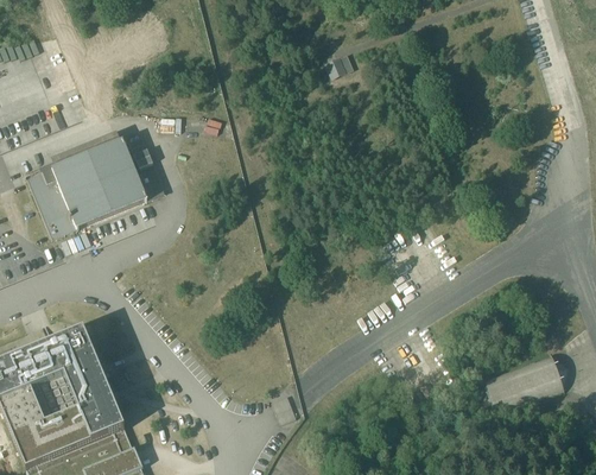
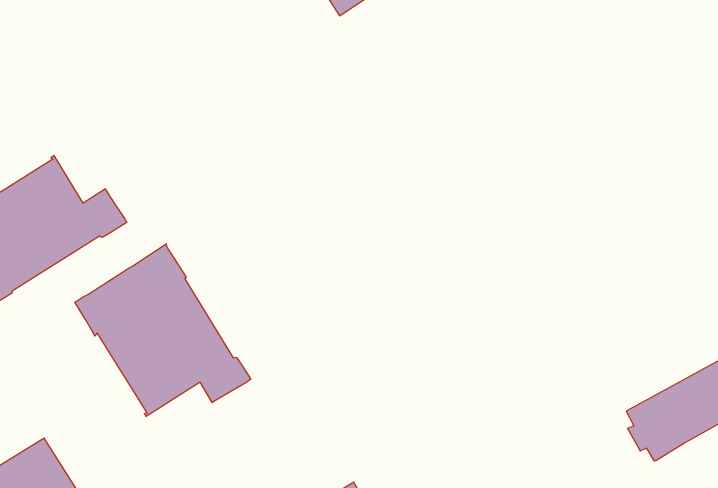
building: none -> [75,244,251,417]

